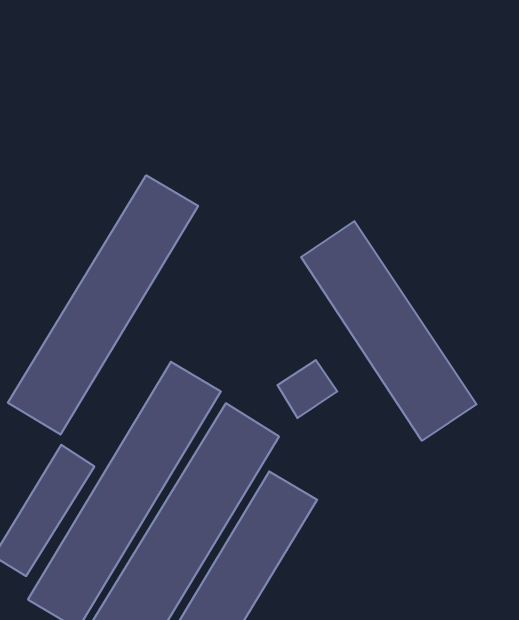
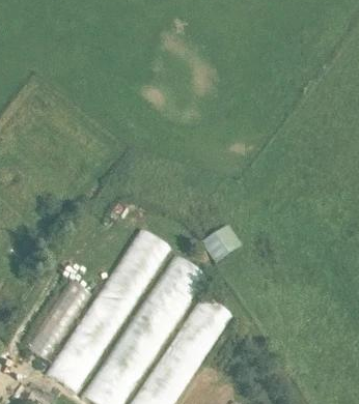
building: [8,175,198,435] -> none
building: [301,221,477,441] -> none

